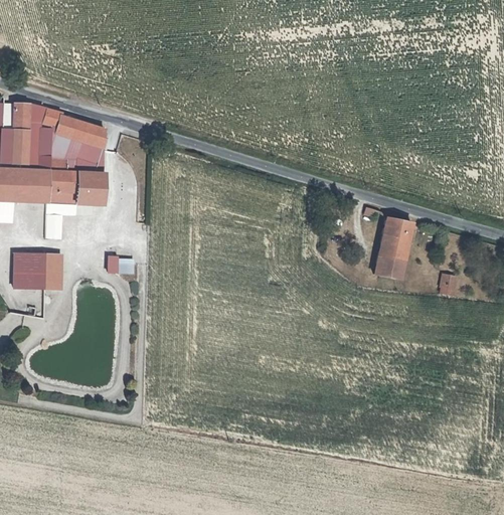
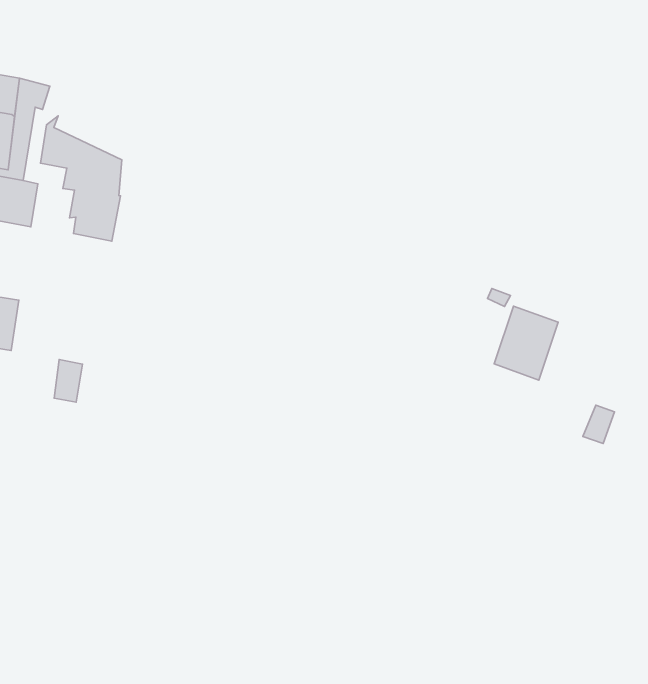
building: [48,108,108,151] -> none
building: [50,160,79,204] -> none
building: [48,253,64,281] -> [54,360,83,402]
building: [369,256,403,280] -> none

